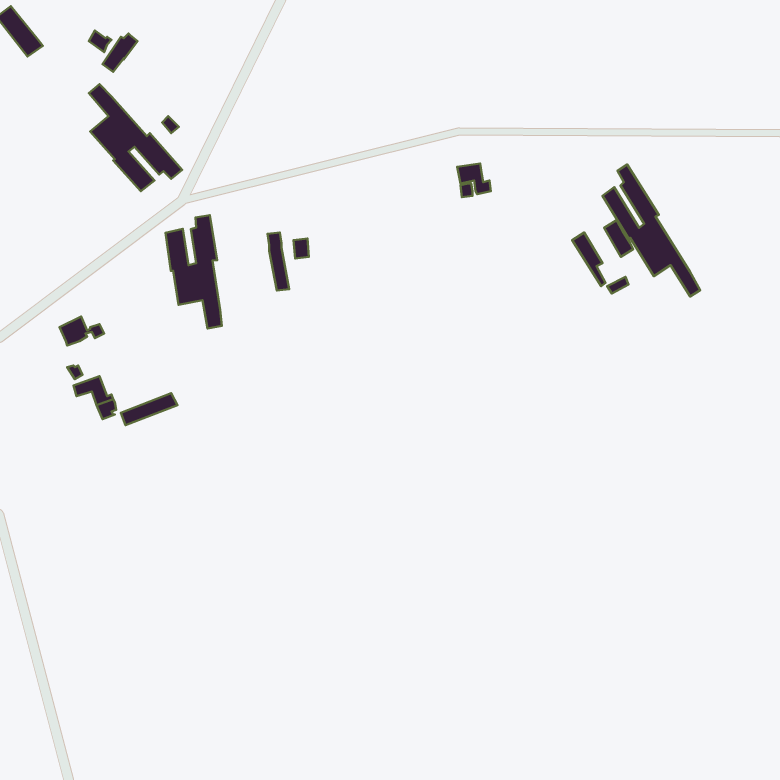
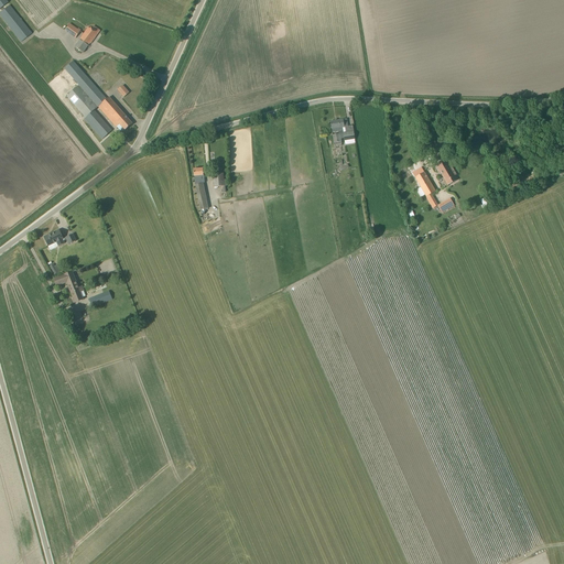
building: [602,164,700,296] -> none
building: [165,215,222,328] -> none

